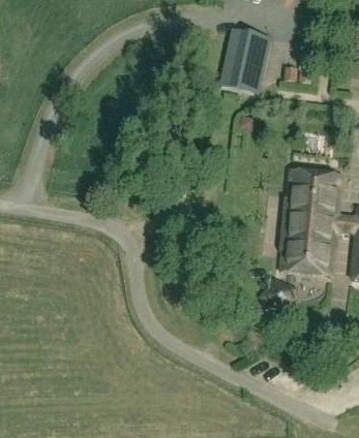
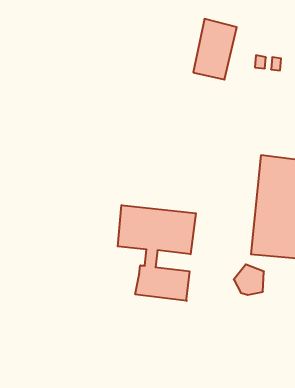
building: none -> [118,205,196,301]

